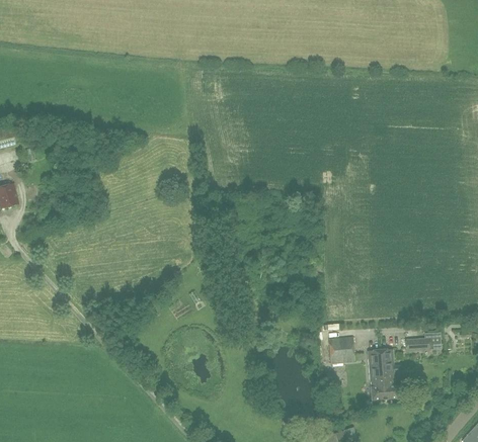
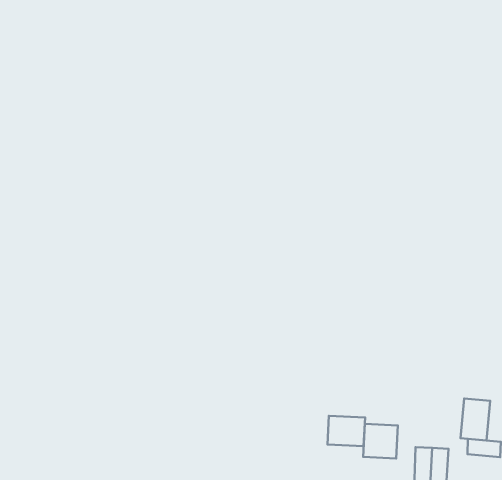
building: none -> [460,398,490,441]
building: none -> [327,416,365,446]

